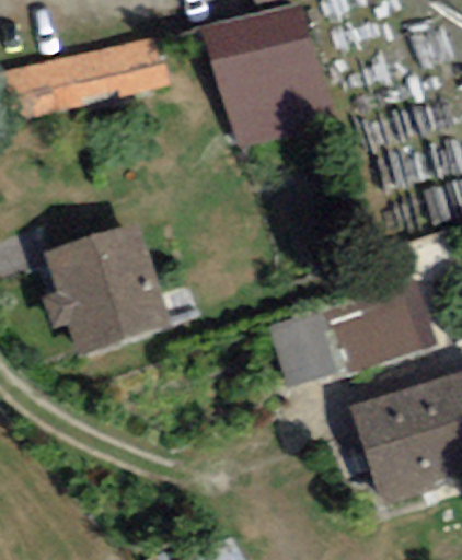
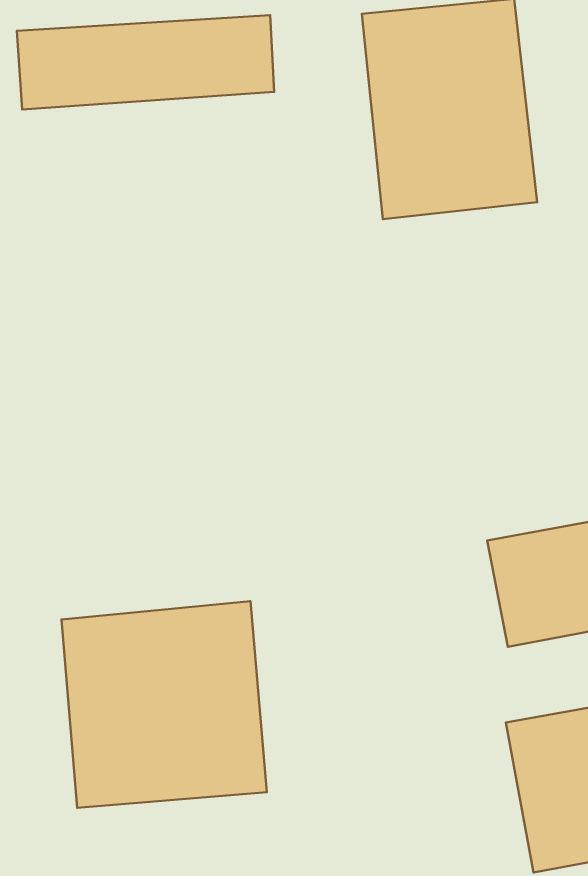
building: [51,235,160,347] -> none
building: none -> [62,601,267,808]

